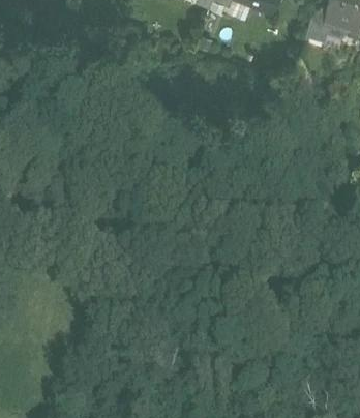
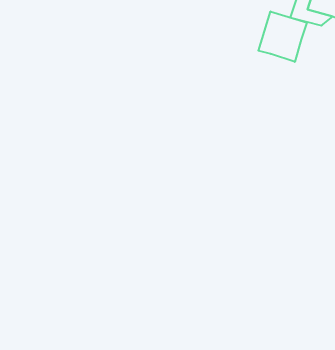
building: none -> [258,11,307,62]

